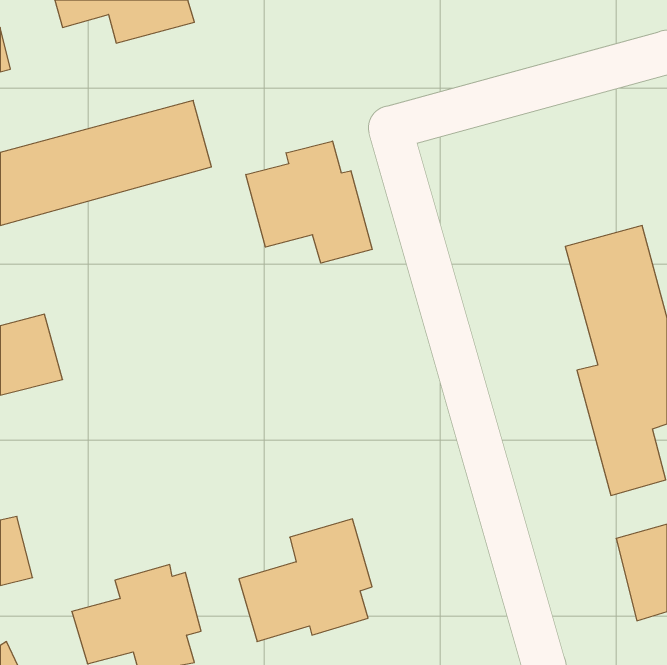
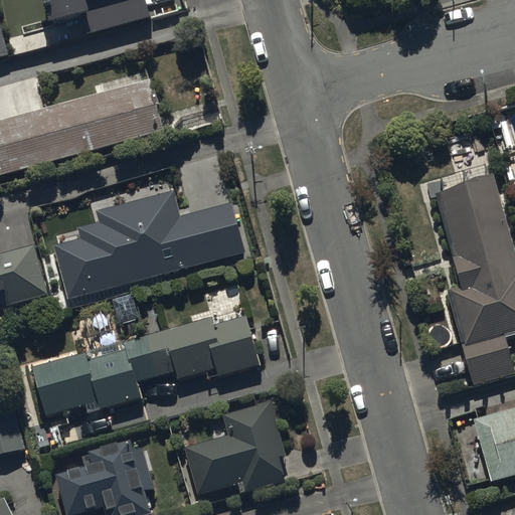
building: [246,141,372,263] -> none
building: none -> [52,193,243,301]
building: none -> [33,316,261,415]

